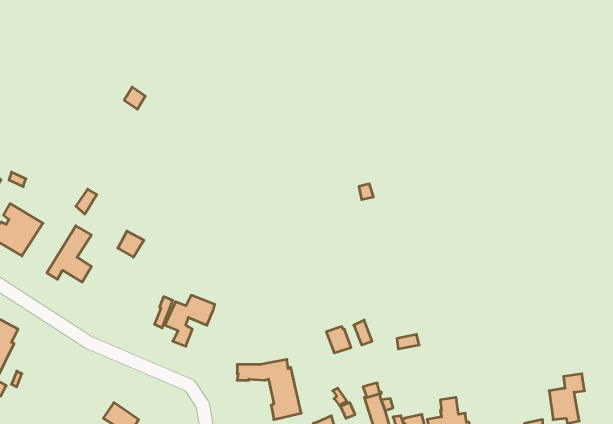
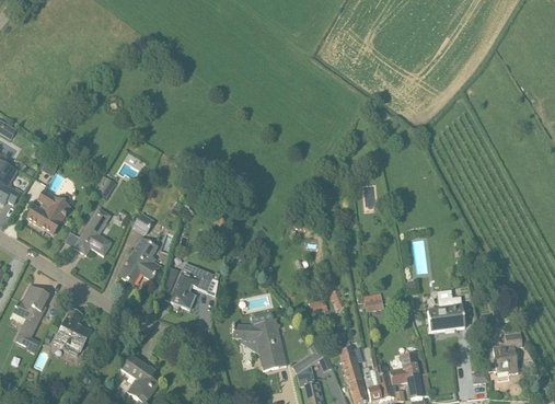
building: none -> [122,235,161,282]
building: none -> [427,295,466,332]
building: none -> [54,308,91,351]

